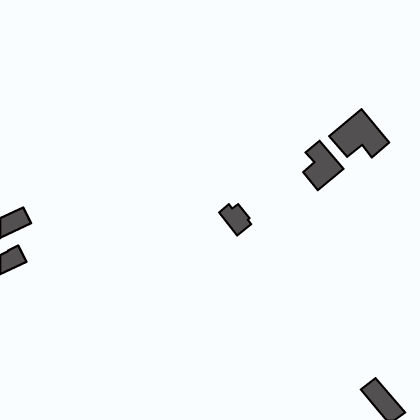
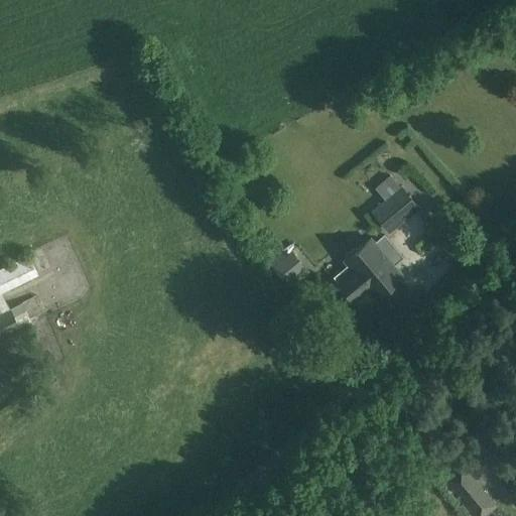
building: [329,109,389,157] -> none
building: none -> [338,241,402,302]

